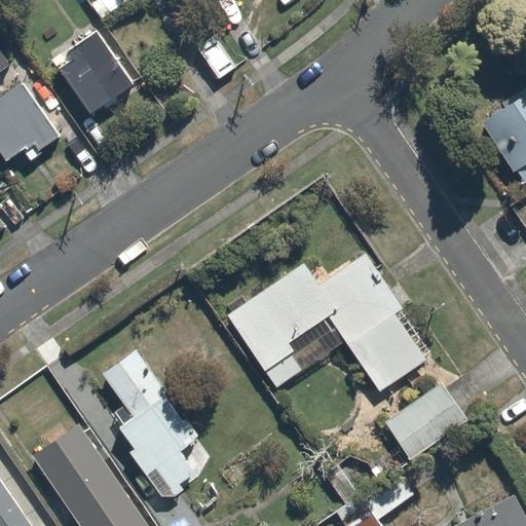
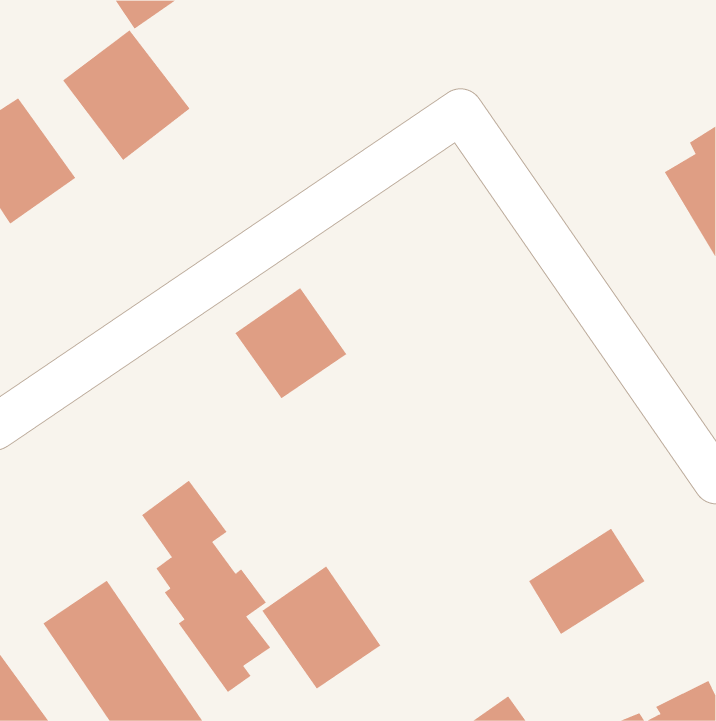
building: none -> [234,287,347,399]
building: [224,252,437,394] -> none
building: none -> [262,566,381,689]

